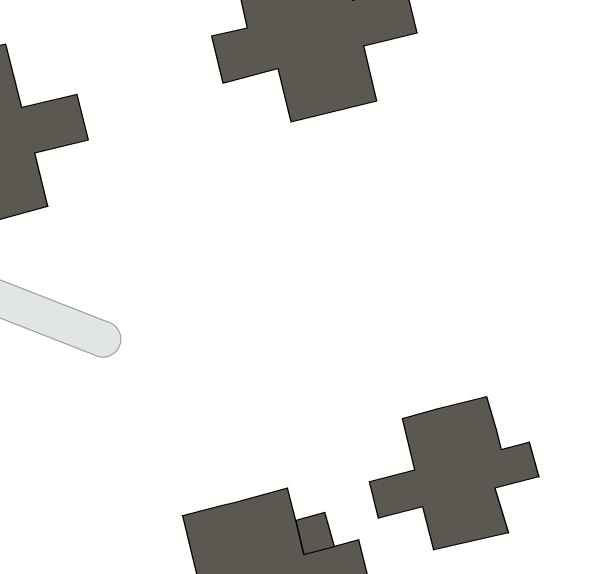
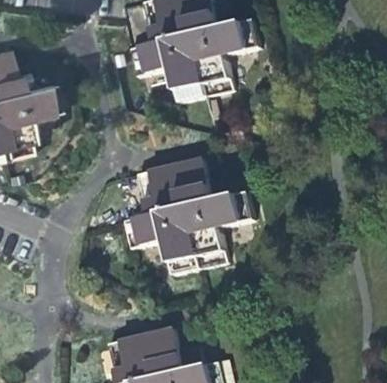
building: none -> [129,158,256,274]
building: [370,397,539,550] -> none

